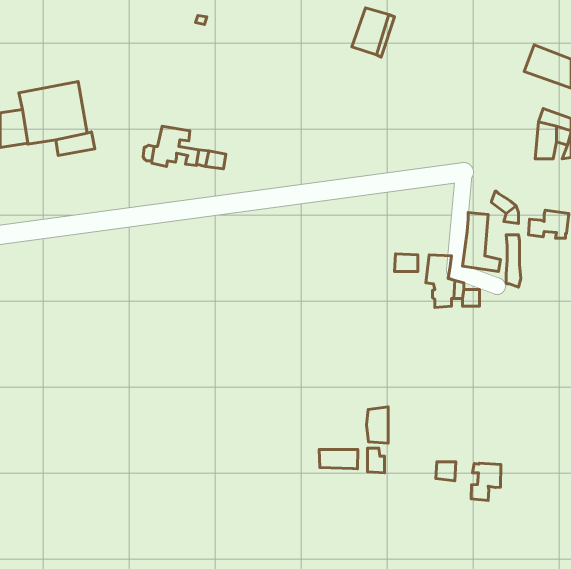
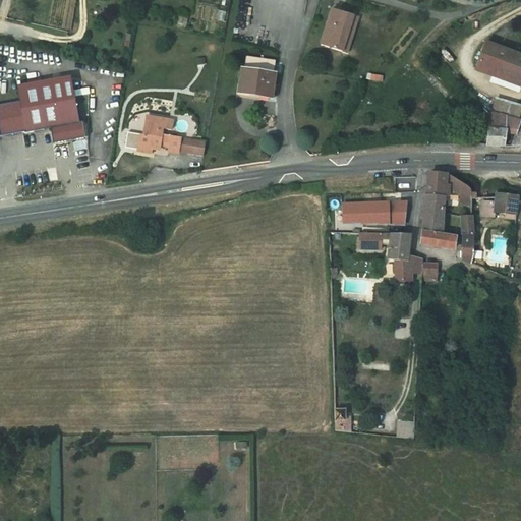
building: none -> [240,55,276,96]
building: none -> [426,171,447,195]
building: none -> [340,199,404,222]
building: [367,407,388,443] -> none
building: [319,450,358,469] -> none
building: [471,463,501,500] -> none

